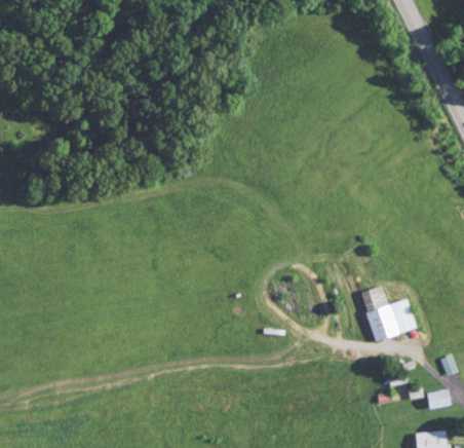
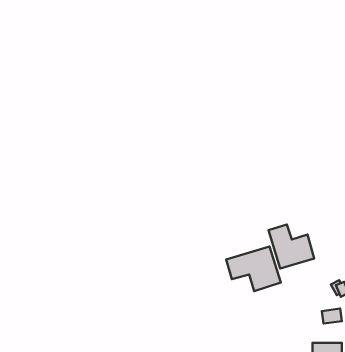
building: none -> [226,246,281,291]

